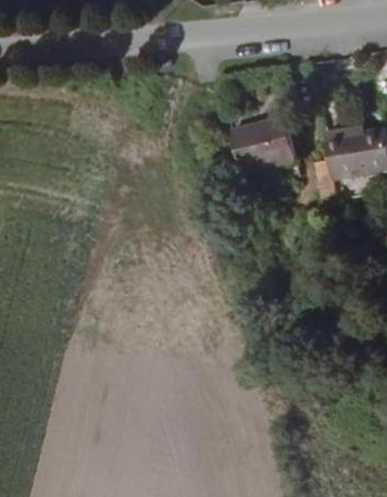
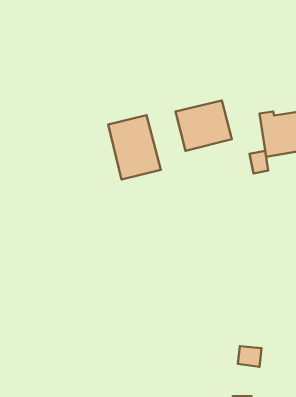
building: none -> [108,115,161,180]

